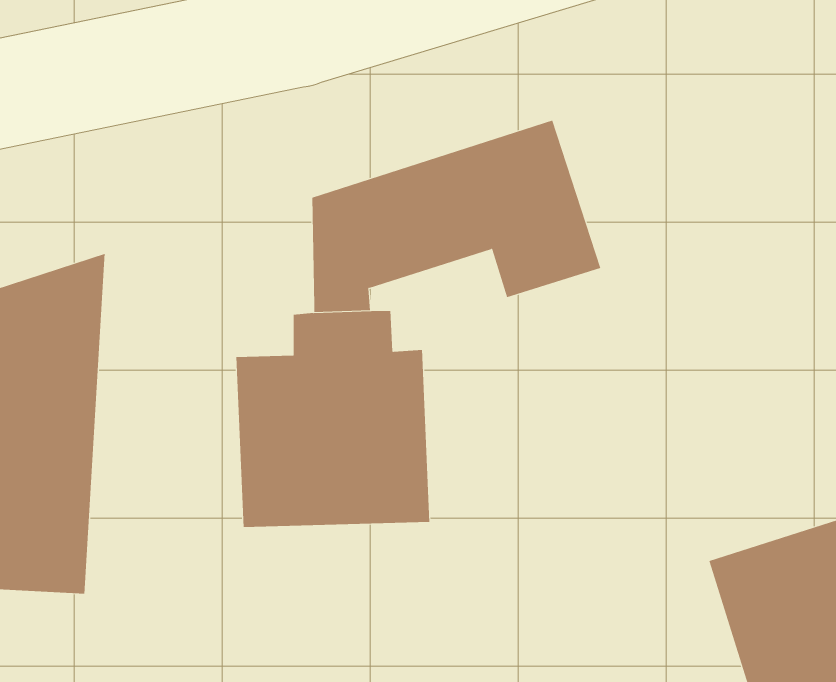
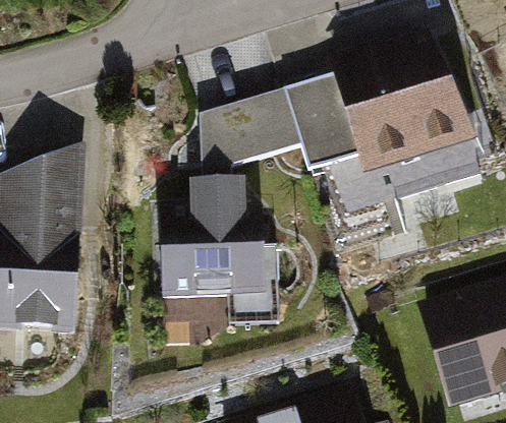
building: none -> [328,29,472,177]

